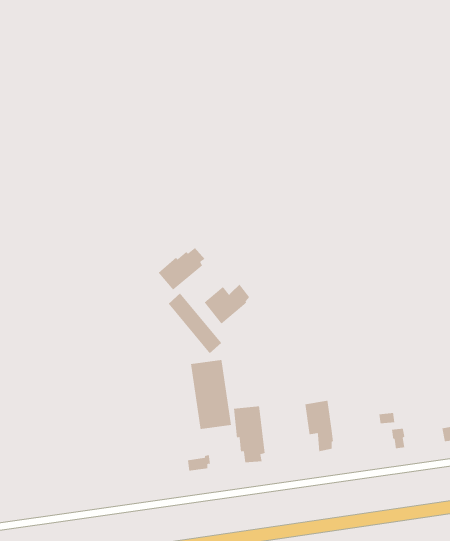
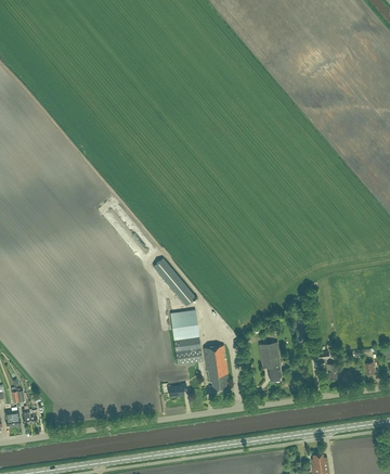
building: [158,247,206,291] -> none
building: [204,284,250,324] -> none

